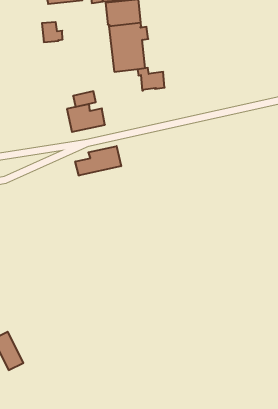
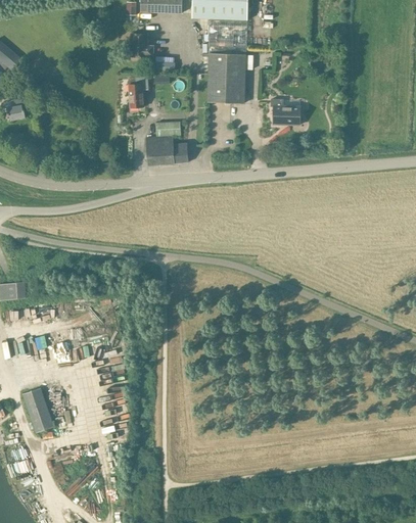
building: none -> [129,77,148,108]
building: [138,68,165,91] -> [271,99,301,125]
building: [75,146,121,176] -> none

